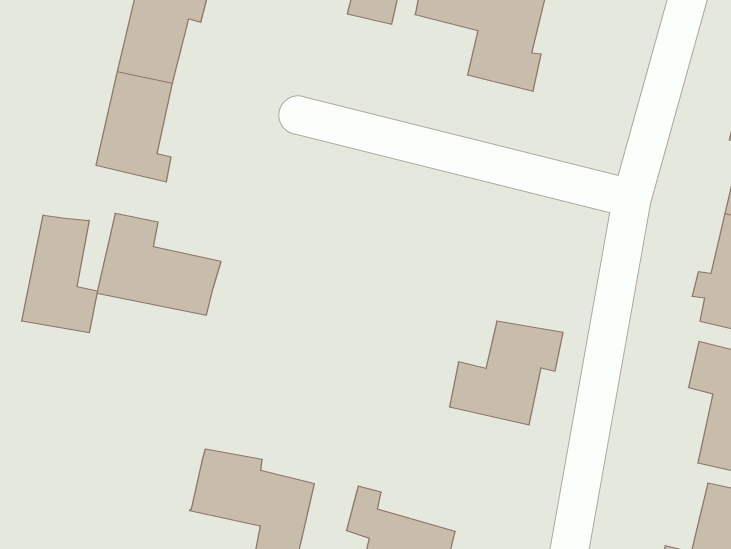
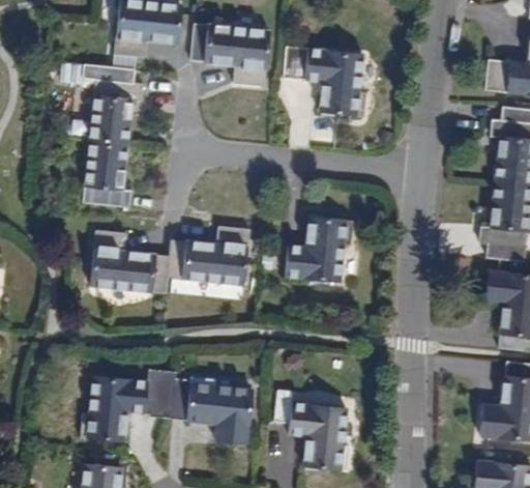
building: [22,215,97,333] -> none
building: none -> [168,223,249,283]
building: [449,321,563,425] -> [287,211,355,277]
building: none -> [80,377,175,444]

